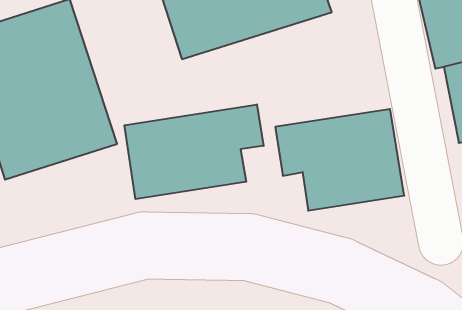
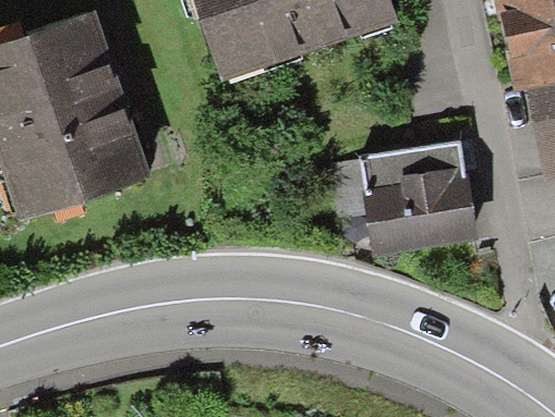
building: [124,104,264,199] -> none

